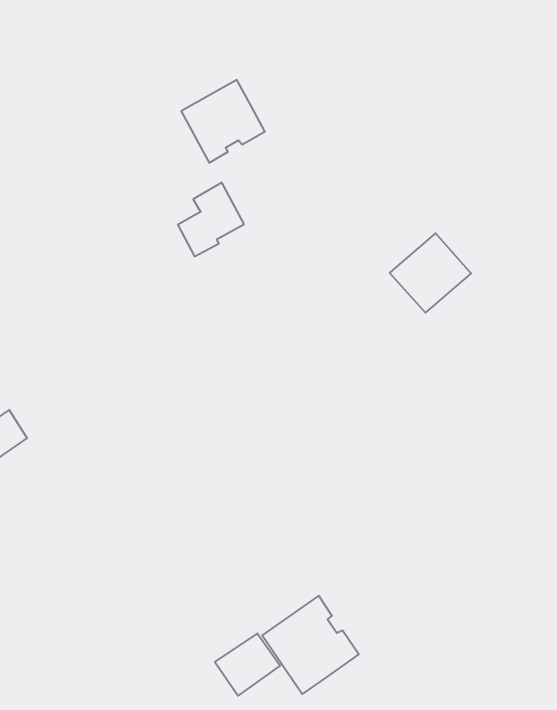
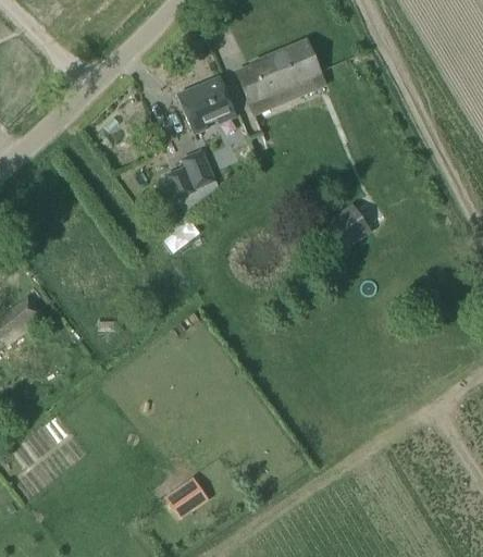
building: none -> [236,39,325,114]
building: [262,596,359,694] -> none

